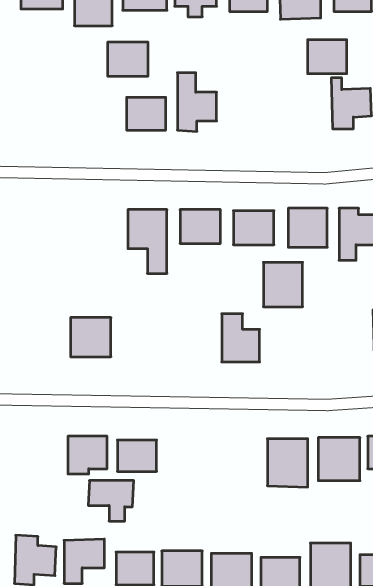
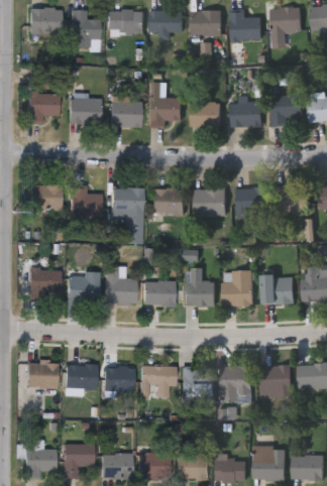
building: [308,40,347,74] -> [231,101,261,127]
building: [108,42,148,76] -> [70,98,101,124]
building: none -> [27,92,60,123]
building: none -> [190,102,220,127]
building: none -> [31,185,62,210]
building: none -> [71,187,101,217]
building: [263,262,303,307] -> [222,271,252,306]
building: none -> [106,266,136,303]
building: none -> [29,269,62,303]
building: none -> [262,276,294,303]
building: none -> [144,280,175,307]
building: none -> [26,361,58,387]
building: none -> [182,367,214,406]
building: [88,481,134,521] -> [140,366,176,397]

